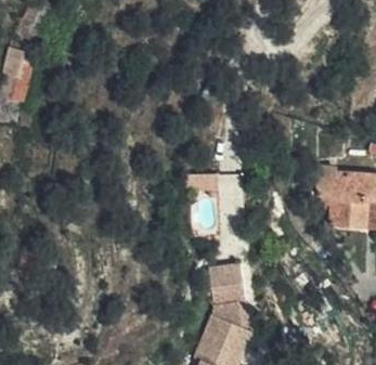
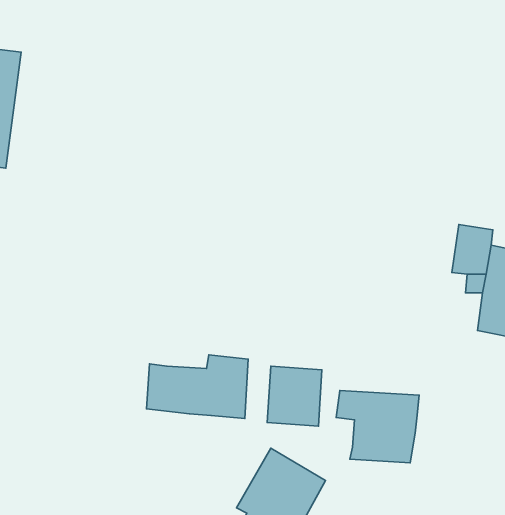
building: none -> [147,355,248,418]
building: none -> [336,391,419,463]

